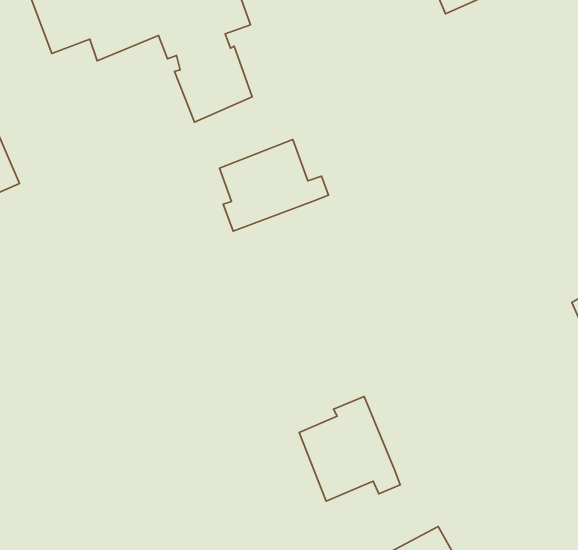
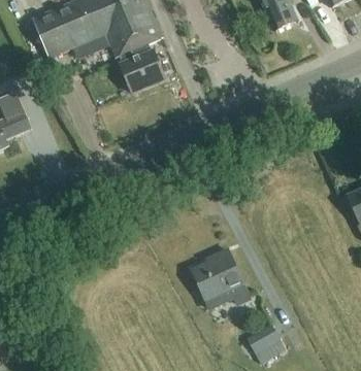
building: [219,140,329,231] -> none

